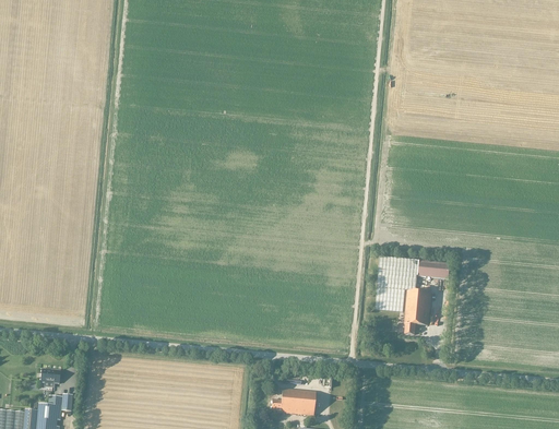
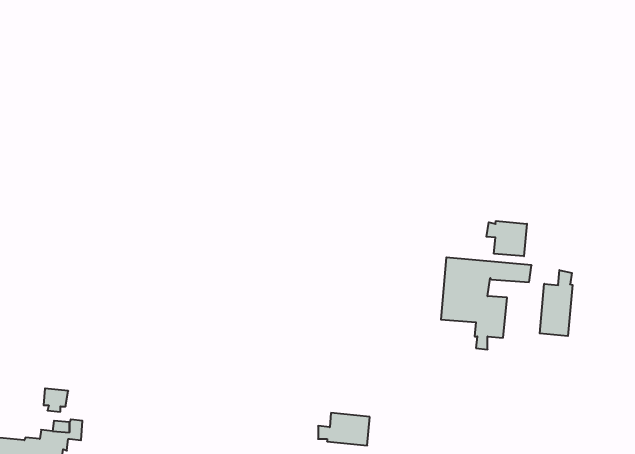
building: none -> [486,221,527,256]
building: none -> [540,270,573,336]

